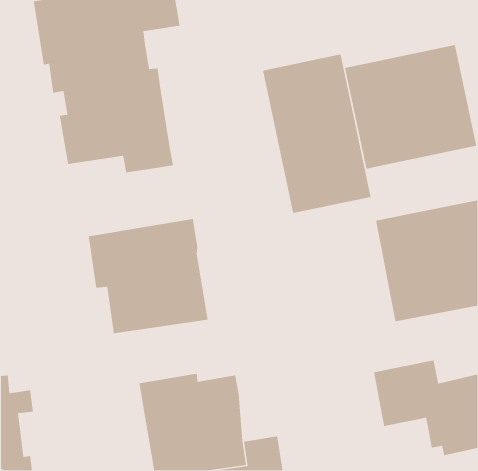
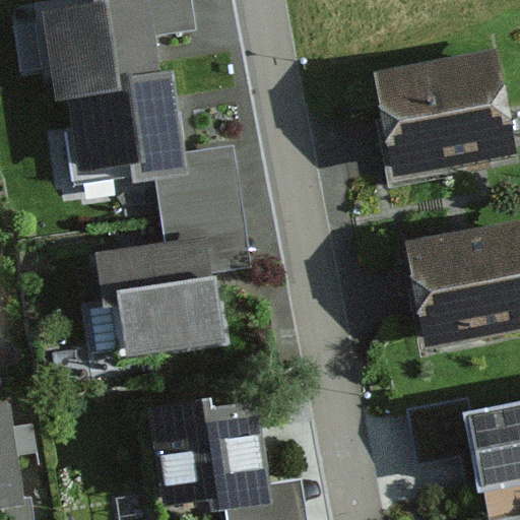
building: [262,54,372,214] -> none
building: none -> [156,143,252,268]

